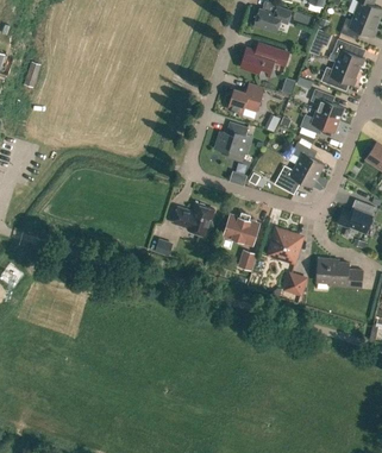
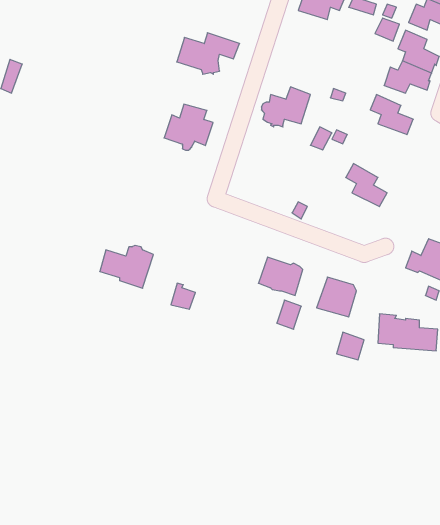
building: [240,44,289,76] -> [177,33,240,74]
building: [300,111,339,133] -> none
building: [214,122,252,158] -> [164,104,213,150]
building: [278,164,318,187] -> none
building: [173,202,214,235] -> [100,245,153,288]

